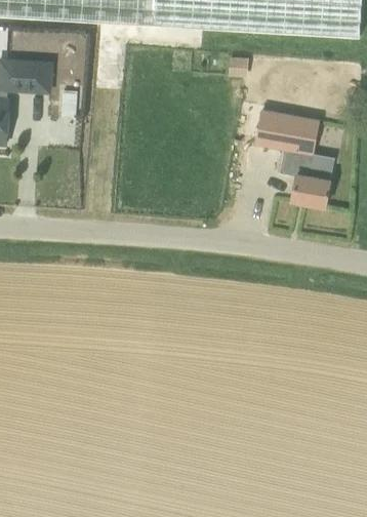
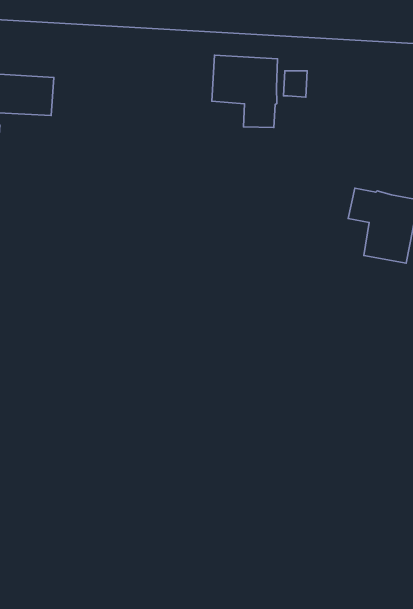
building: none -> [212,55,278,127]
building: [255,110,307,152] -> none

